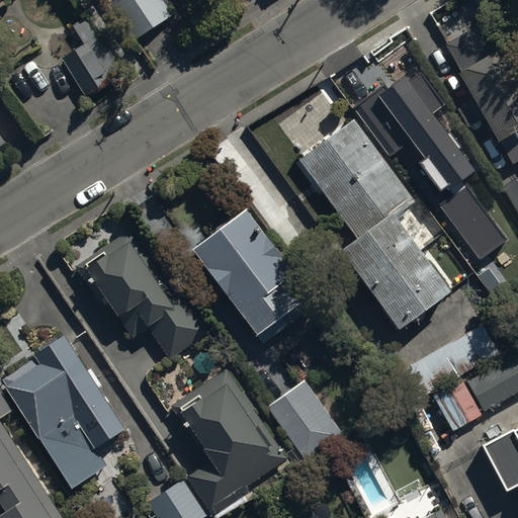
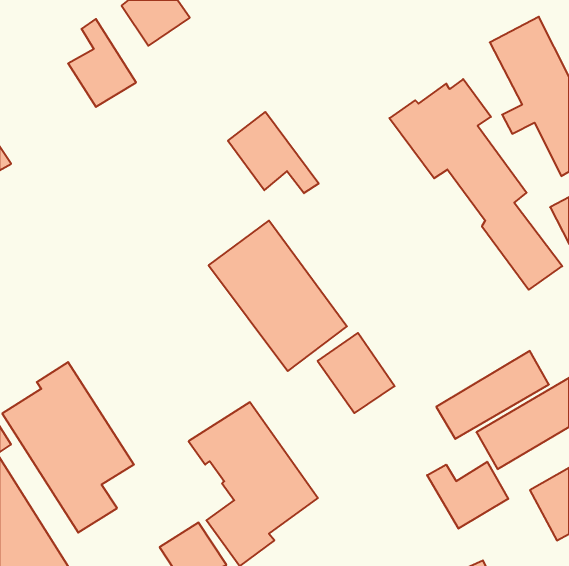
building: none -> [228,112,319,193]
building: [301,123,451,328] -> none
building: [74,230,207,358] -> none
building: [273,388,343,461] -> [318,333,395,413]
building: none -> [427,462,508,529]

